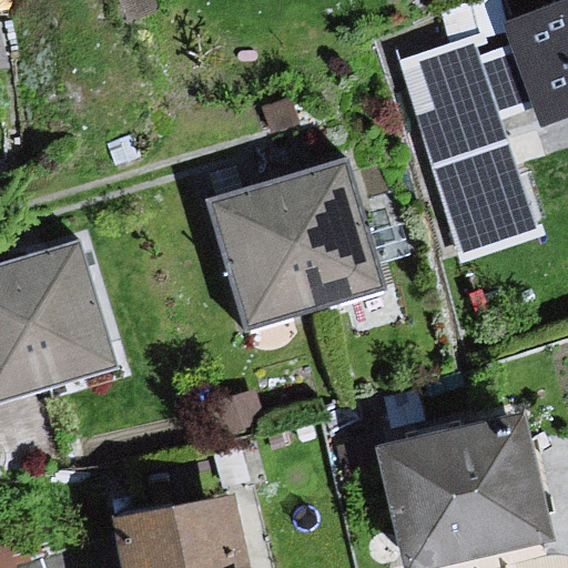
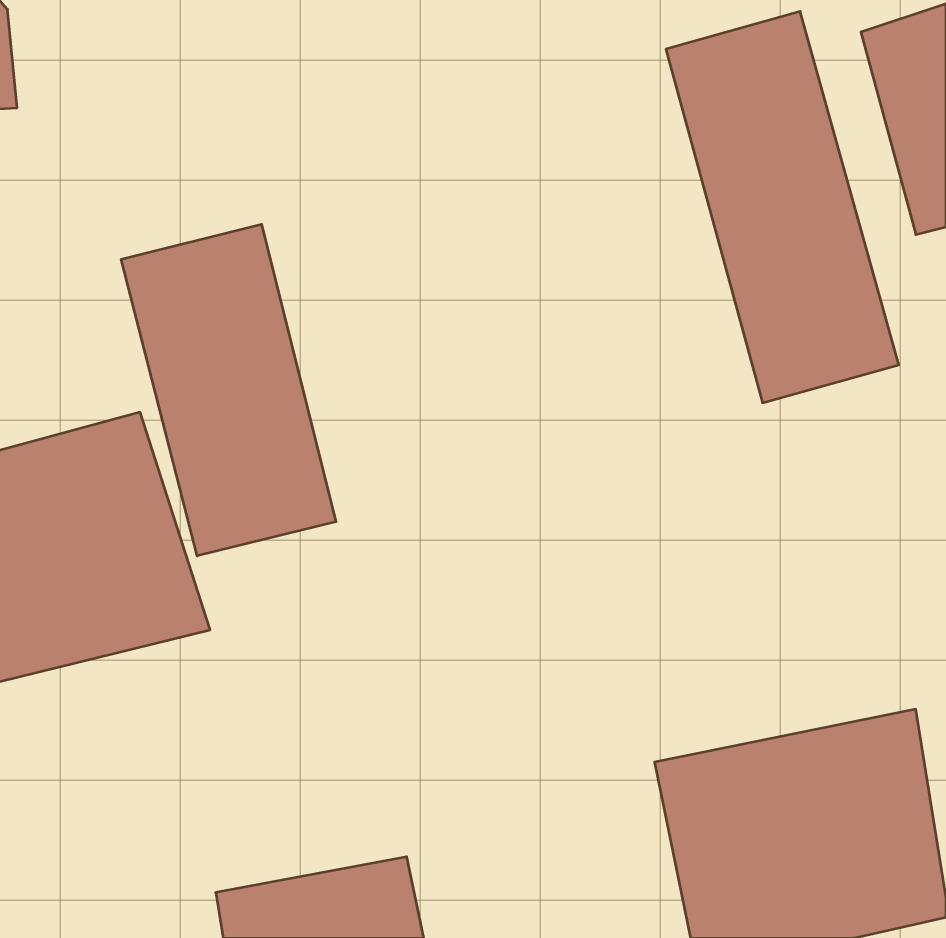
building: none -> [121,224,336,556]
building: [204,165,387,327] -> none

